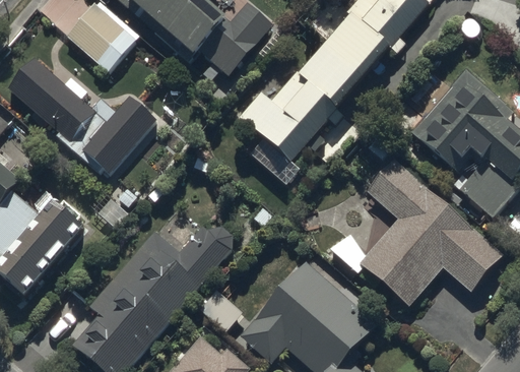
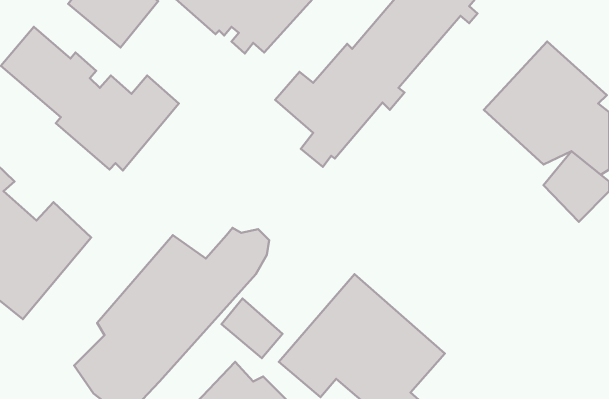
building: [360,156,509,305] -> none

